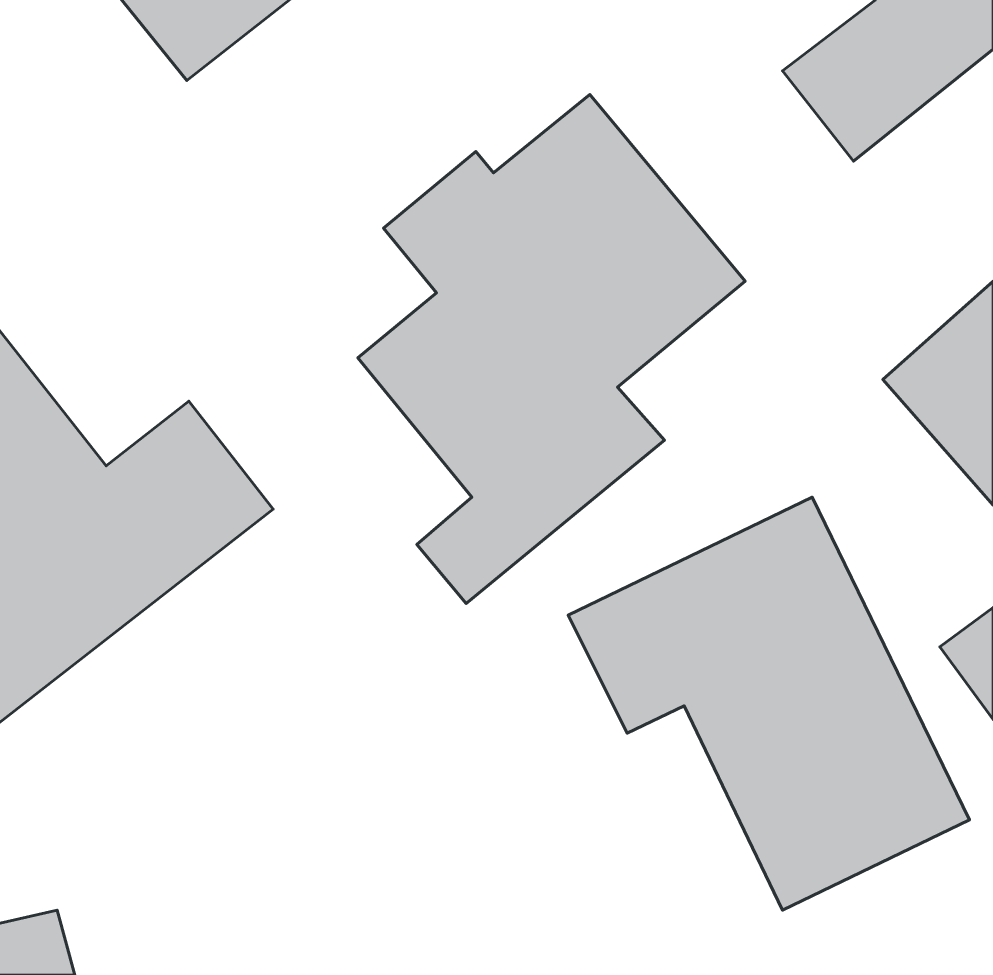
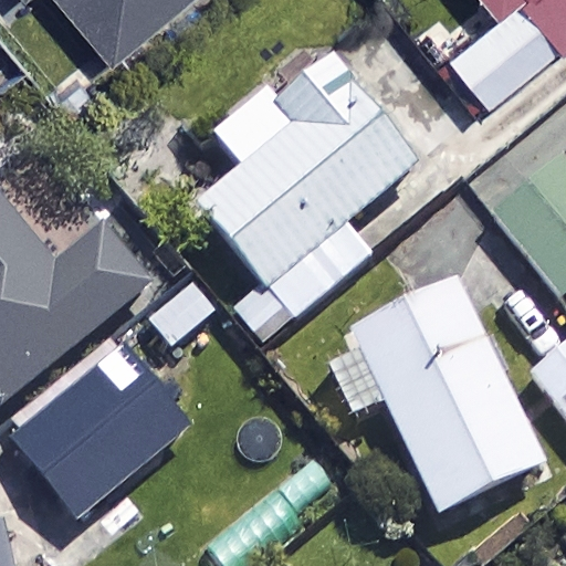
building: none -> [14,345,189,514]

